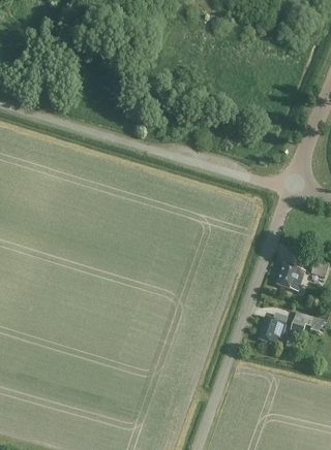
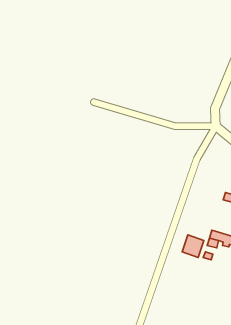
building: [276,261,305,290] -> none

